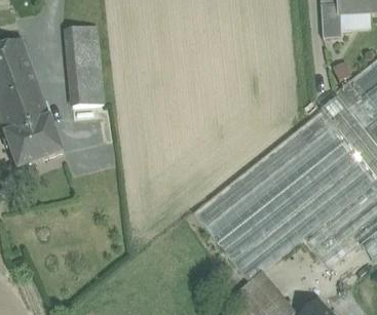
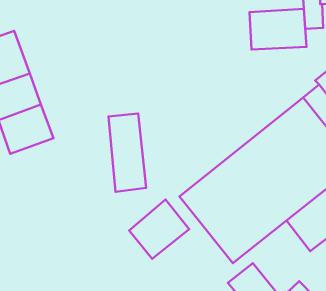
building: none -> [249,9,306,49]
building: [65,25,104,106] -> [108,114,146,192]
building: none -> [129,200,189,259]

